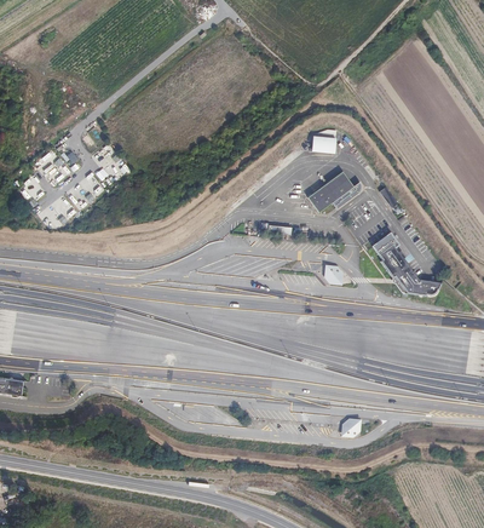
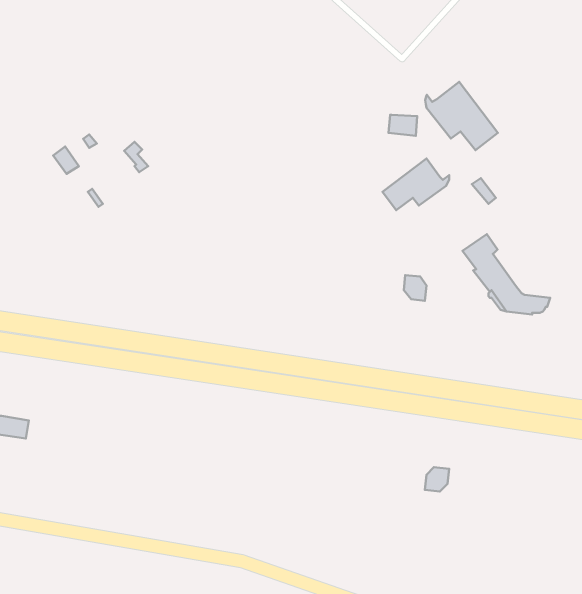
building: none -> [425,82,498,150]

